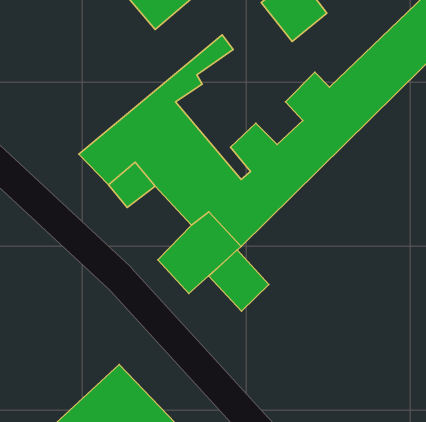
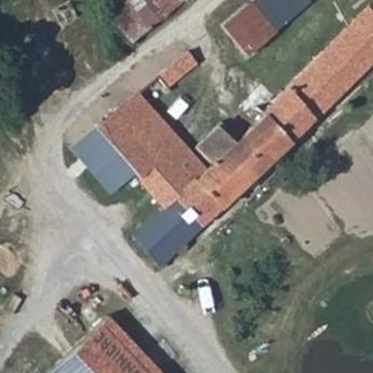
building: [209,250,269,311] -> none

